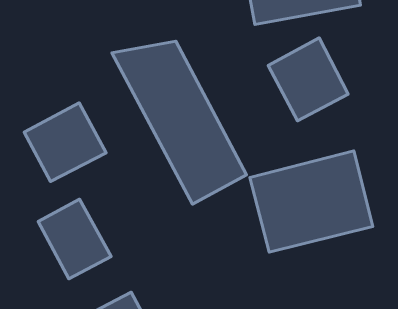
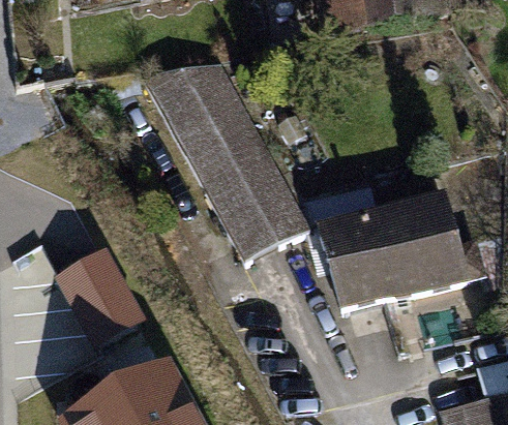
building: [268,38,348,121] -> none
building: [24,103,106,182] -> none

